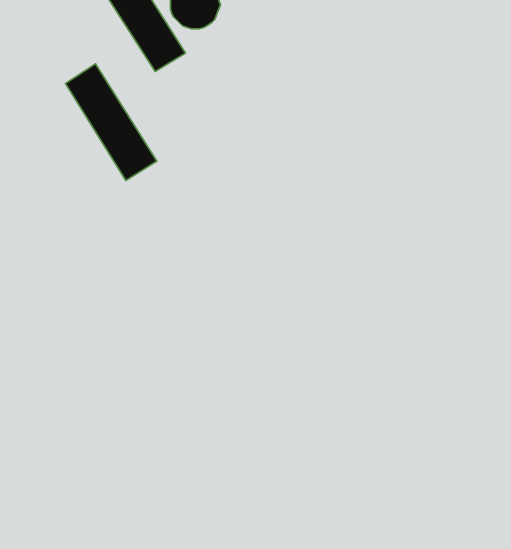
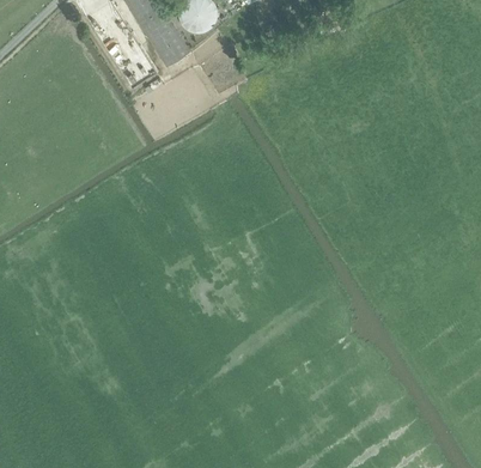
building: [66,64,157,180] -> none

